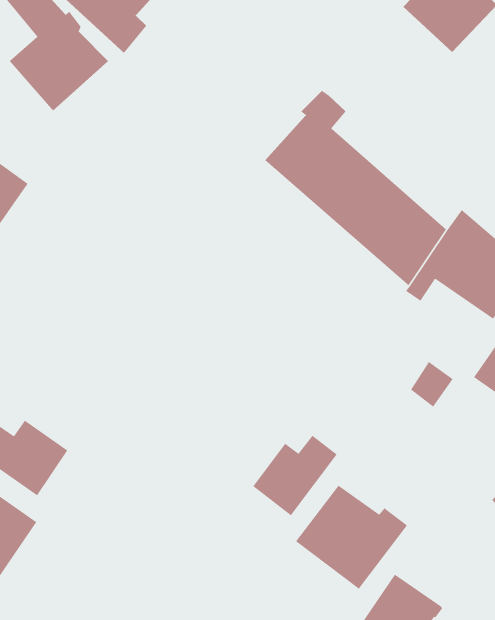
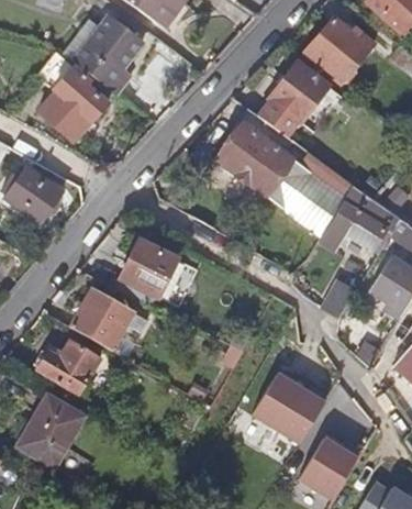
building: none -> [258,64,323,136]
building: none -> [121,239,178,296]
building: none -> [68,287,135,352]
building: [252,435,338,516] -> none

